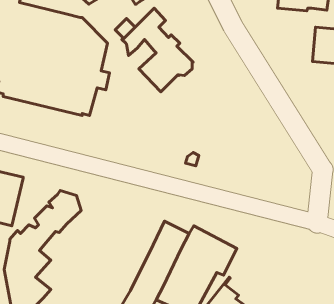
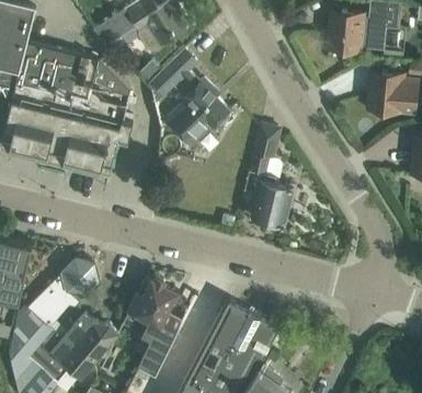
building: none -> [244,125,293,230]
building: none -> [123,278,183,374]
building: none -> [47,314,119,377]

